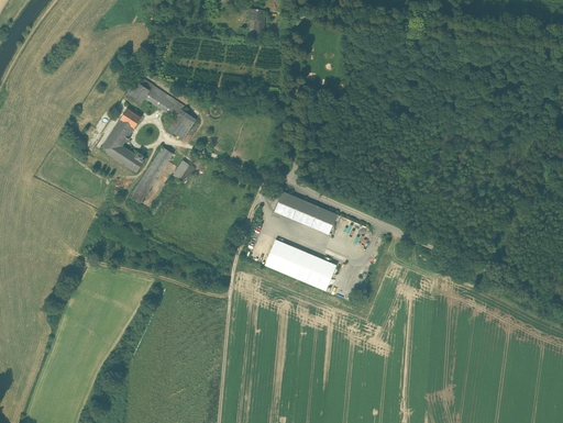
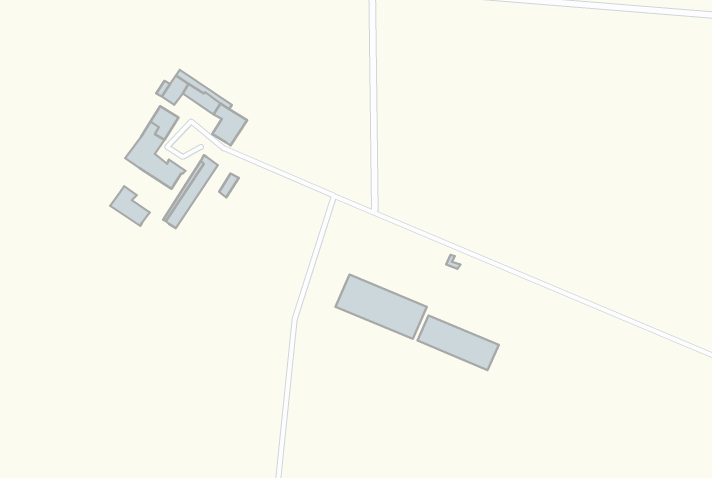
building: none -> [110,186,150,226]
building: [274,191,338,234] -> [417,315,499,370]

